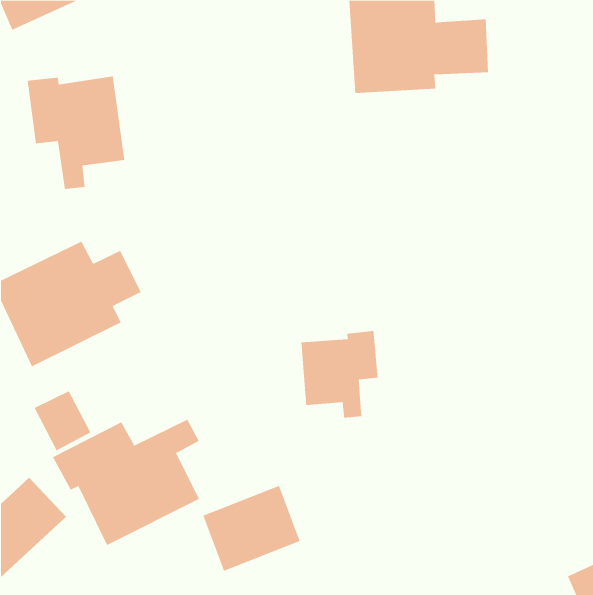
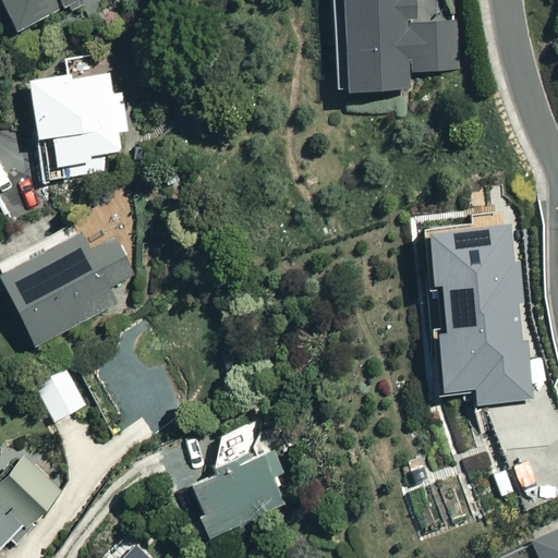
building: none -> [426,225,531,402]
building: [301,330,378,419] -> none
building: [52,419,200,546] -> none

